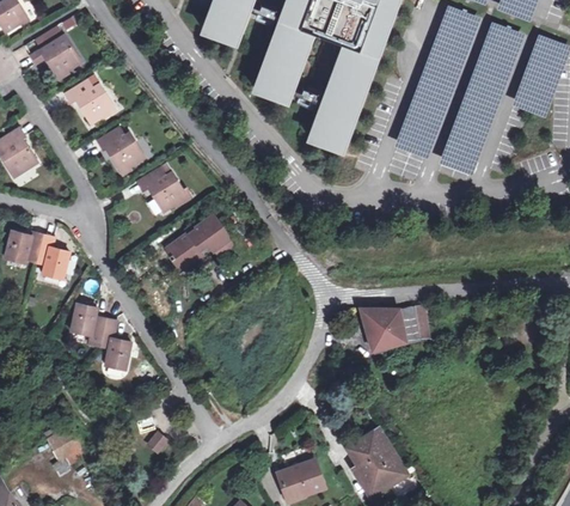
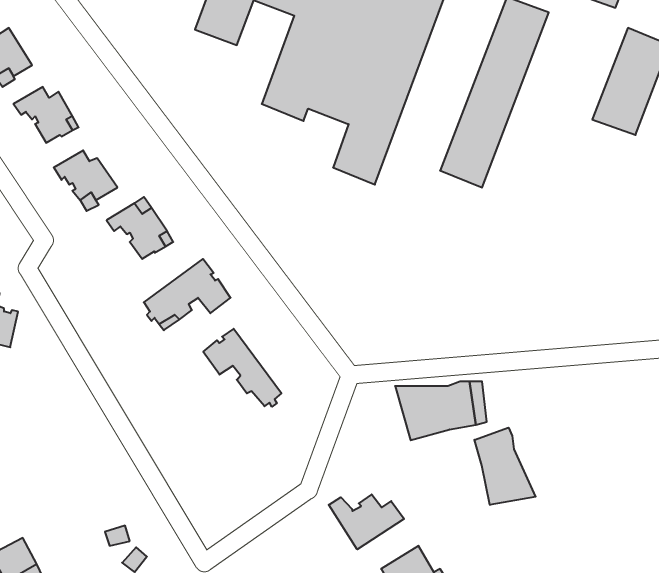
building: [440,22,525,173] -> none
building: none -> [203,329,281,407]
building: [74,305,133,370] -> none
building: none -> [474,428,536,505]
building: none -> [329,494,404,549]

